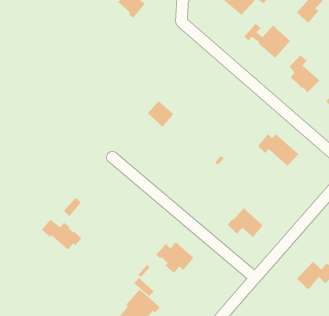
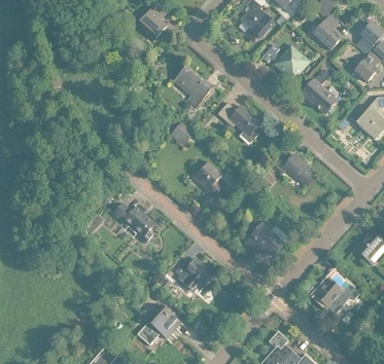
building: none -> [173,65,207,107]
building: none -> [221,106,260,136]
building: none -> [197,162,225,194]
building: [41,218,83,251] -> [113,204,154,235]

